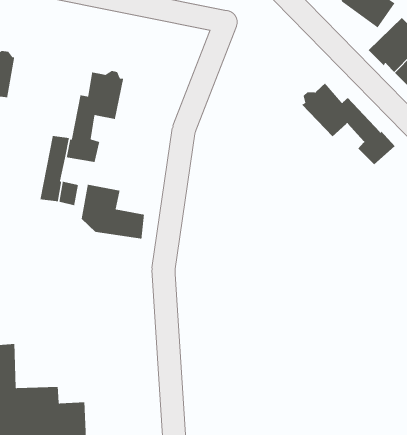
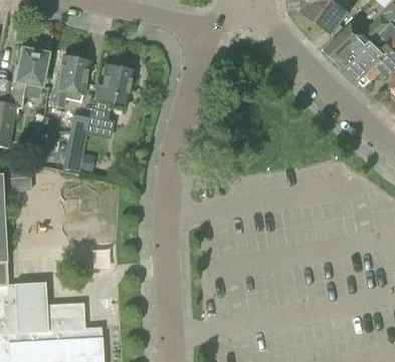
building: none -> [48,57,87,107]
building: [301,83,396,165] -> none
building: [81,184,145,240] -> none

